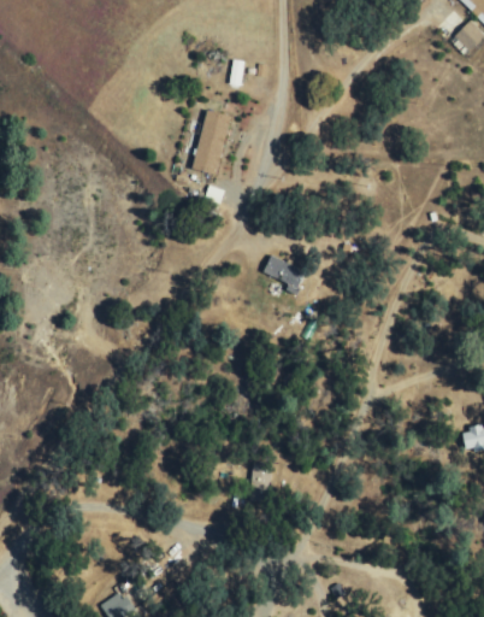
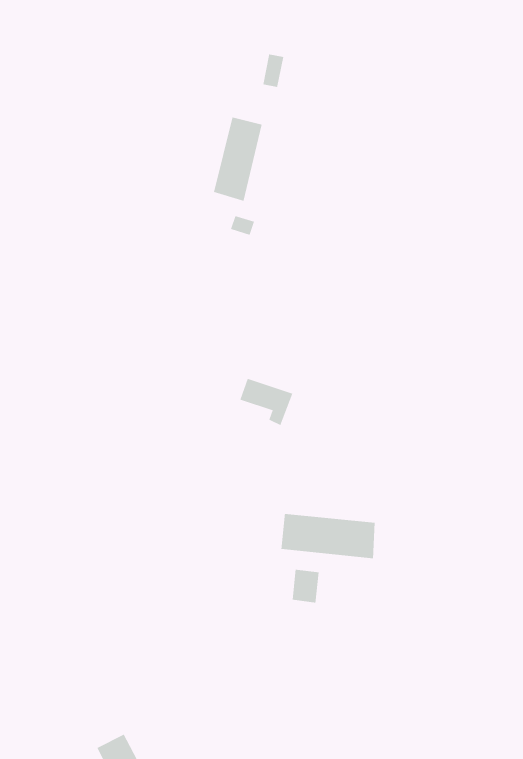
building: [264,258,306,295] -> [239,378,293,426]
building: none -> [281,513,375,559]

